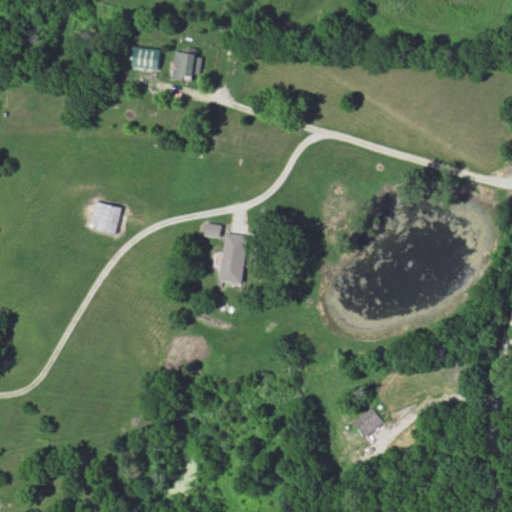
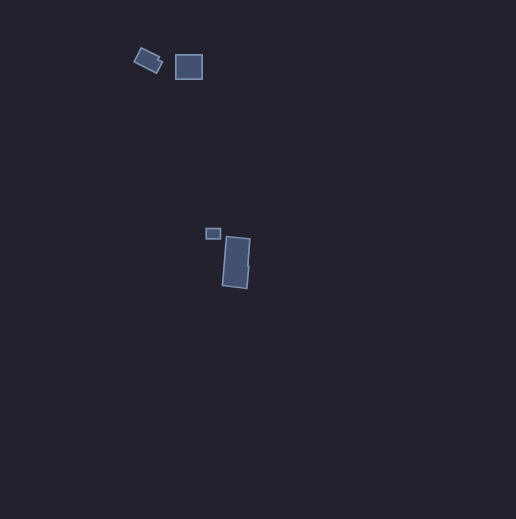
building: [91,204,117,232] -> none
building: [353,406,383,436] -> none

